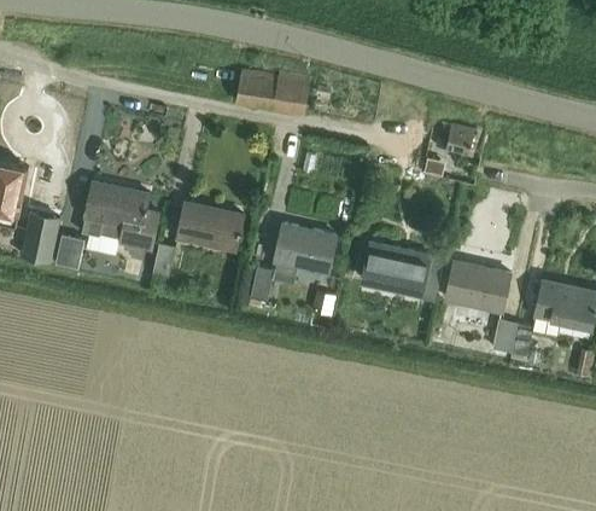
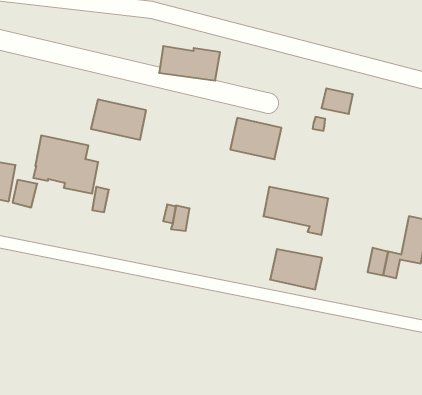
building: [175,201,243,250] -> [91,99,146,140]
building: [274,222,337,273] -> [230,118,281,159]
building: [444,262,508,312] -> [270,249,322,289]

